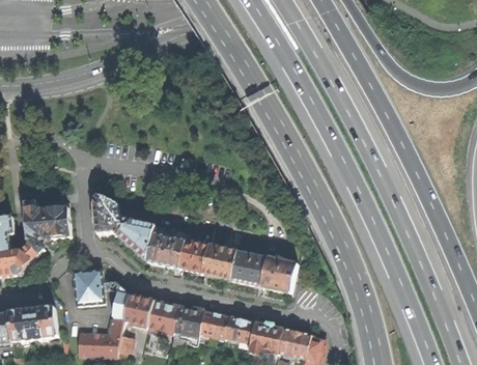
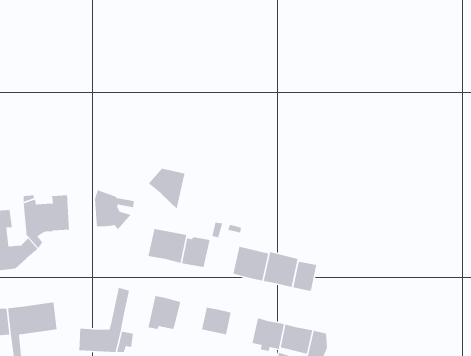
building: [117,220,155,261] -> [148,168,186,210]
building: [202,245,236,279] -> none
building: none -> [293,261,317,292]
building: [73,269,104,305] -> none
building: [123,294,153,328] -> none
building: [173,306,204,344] -> none
building: [225,316,255,343] -> none

